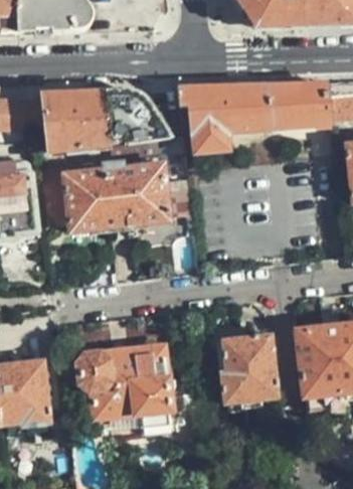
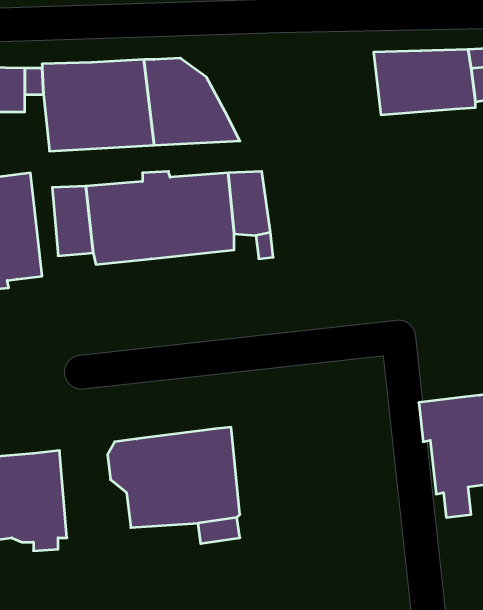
building: [177,85,269,151] -> none
building: [218,334,278,401] -> none

